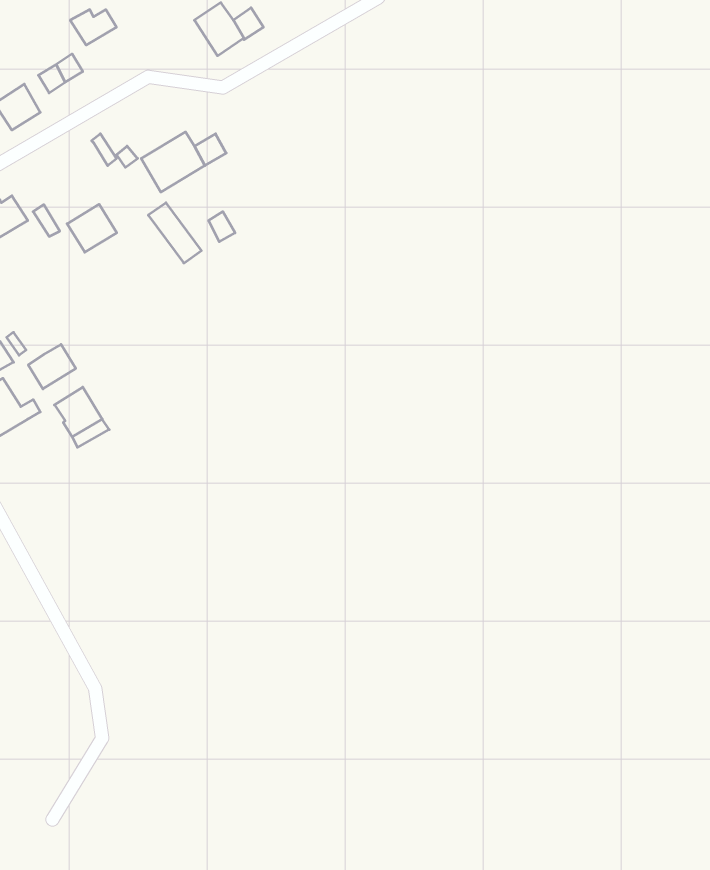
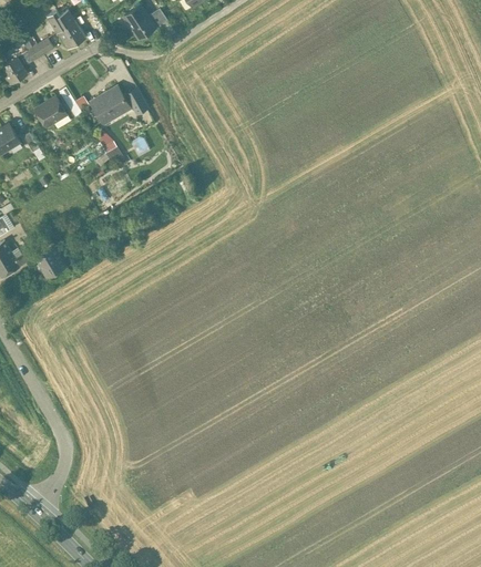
building: none -> [55,21,84,50]
building: [67,204,117,252] -> [34,96,65,126]
building: [28,344,76,389] -> none

